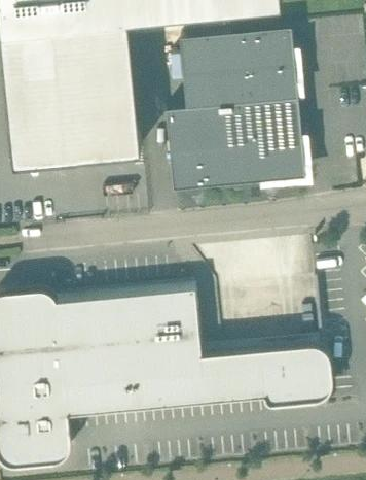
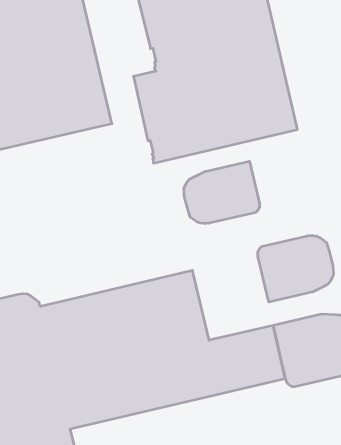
building: none -> [184,161,260,224]
building: none -> [258,235,334,302]

